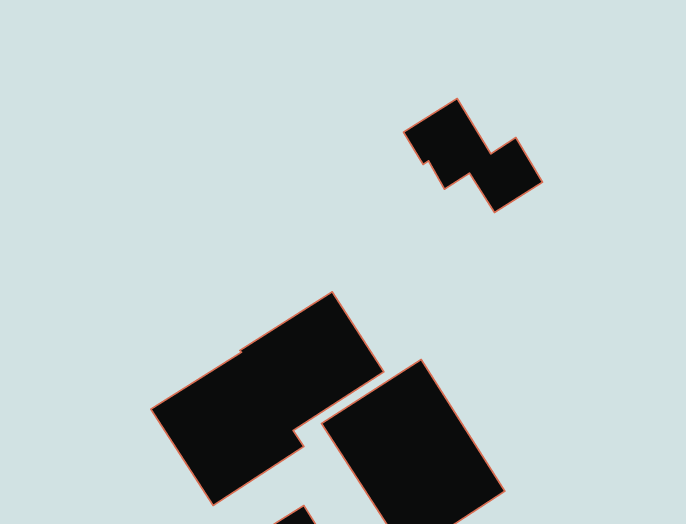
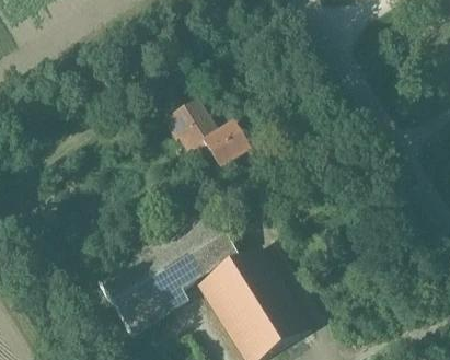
building: [404,98,542,212] -> [164,98,250,169]

